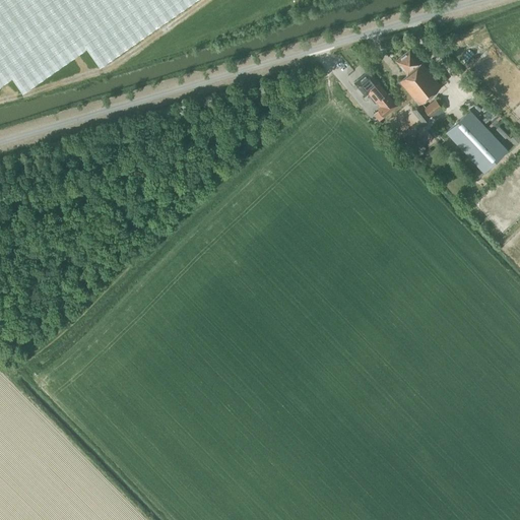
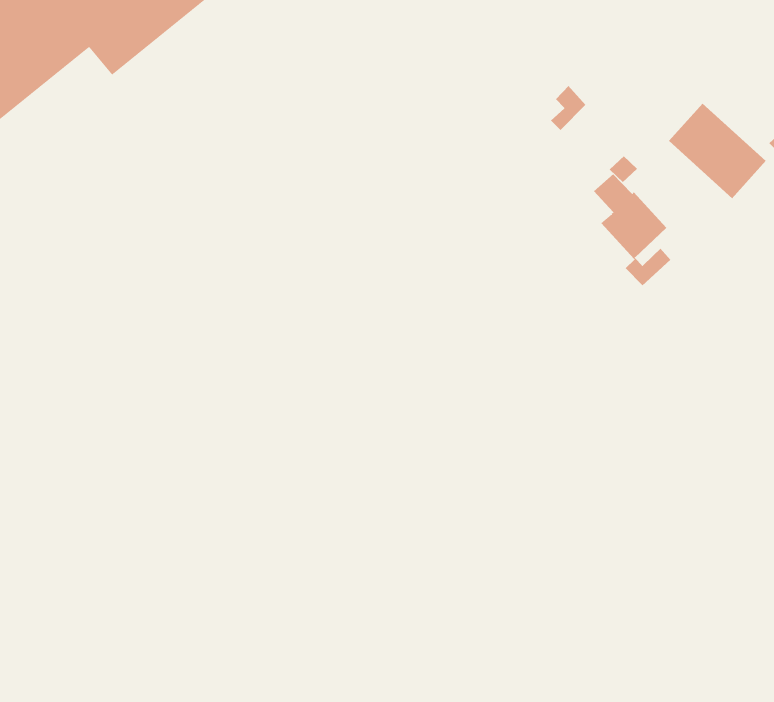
building: [396,50,442,122] -> [593,174,671,286]
building: [355,71,386,101] -> none

